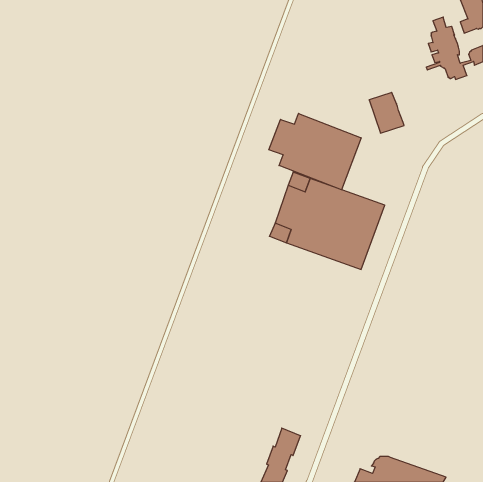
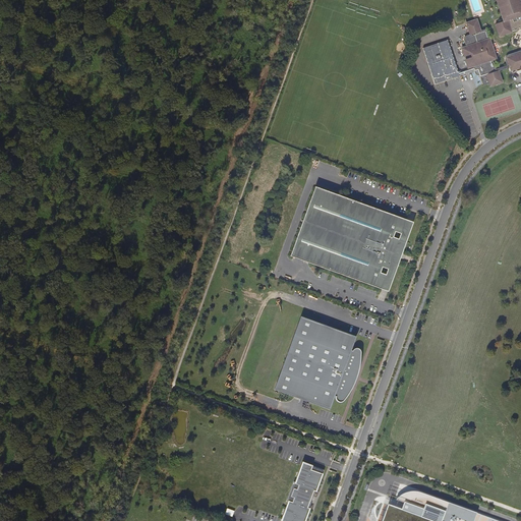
building: [369,92,404,133] -> [422,40,460,83]
building: [269,113,361,190] -> none
building: none -> [274,315,361,408]

